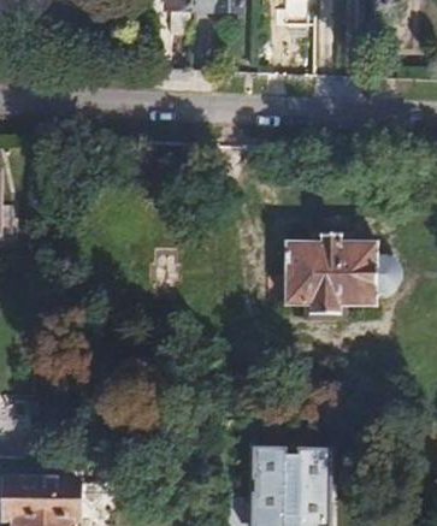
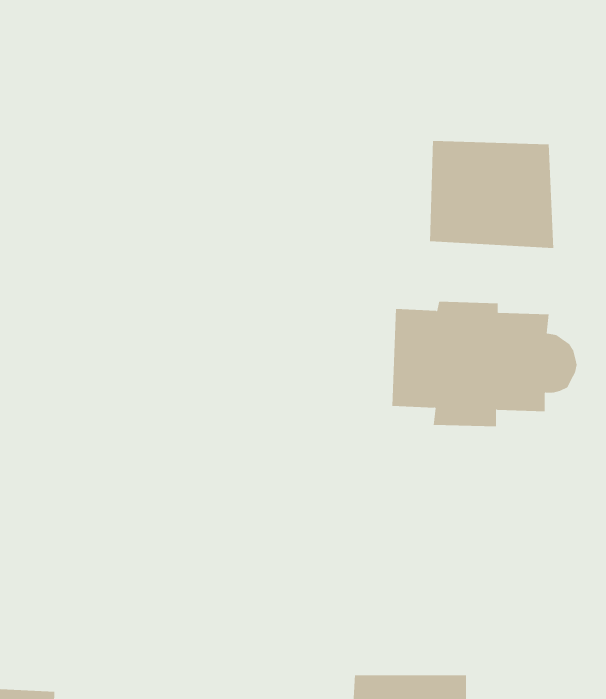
building: none -> [429,140,554,249]

